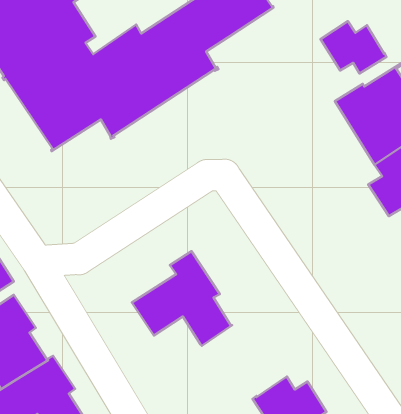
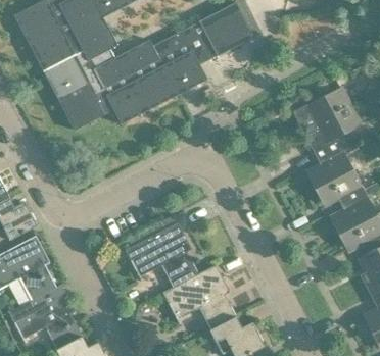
building: [320,21,387,74] -> none
building: none -> [163,265,237,330]

